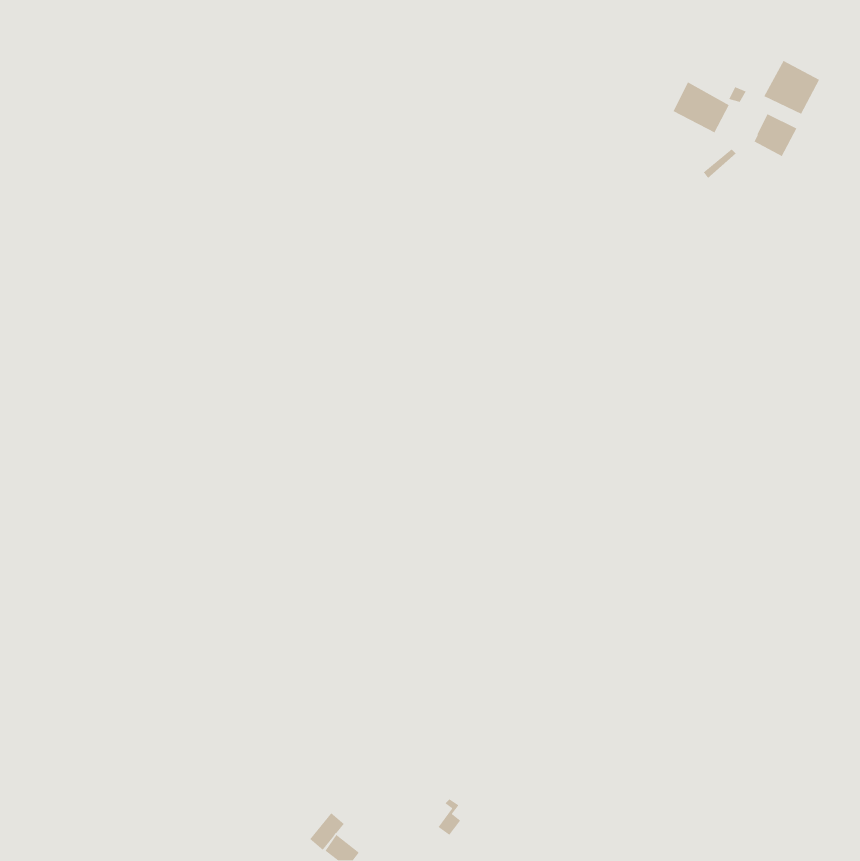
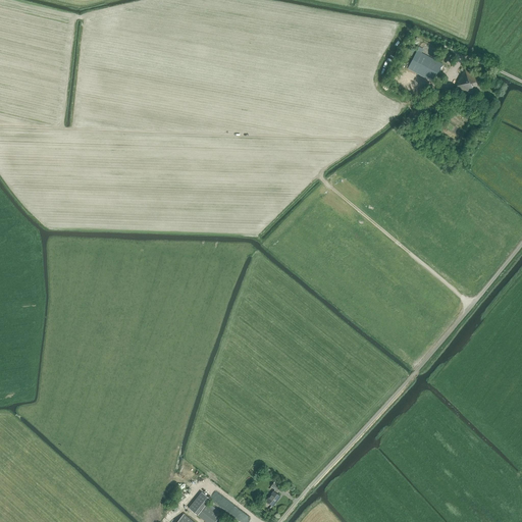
building: [763,60,820,115] -> none

